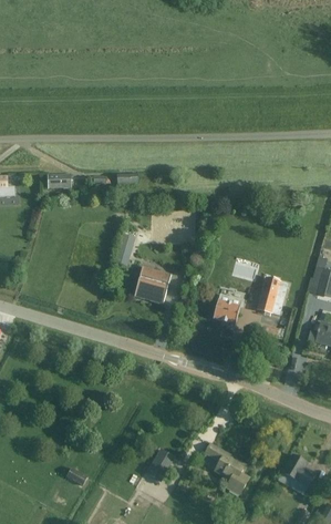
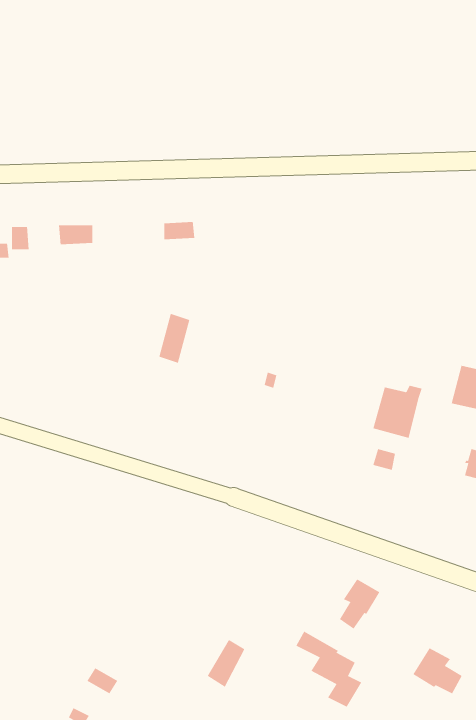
building: [134,266,170,304] -> none
building: [213,294,241,323] -> none
building: none -> [339,579,380,629]

